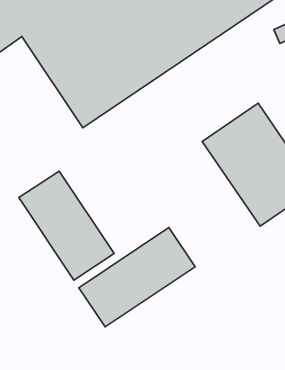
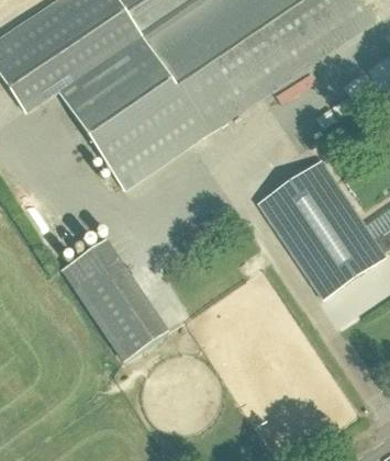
building: [79,228,195,327] -> none

